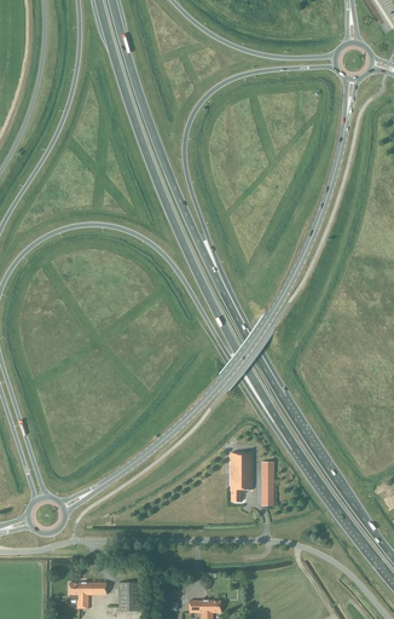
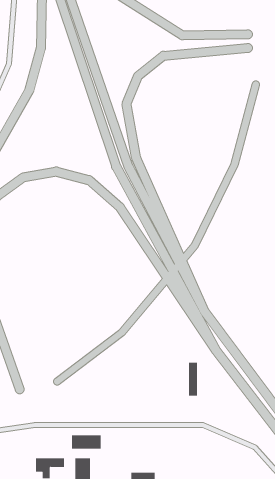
building: [230,452,251,501] -> none
building: none -> [72,435,101,450]

